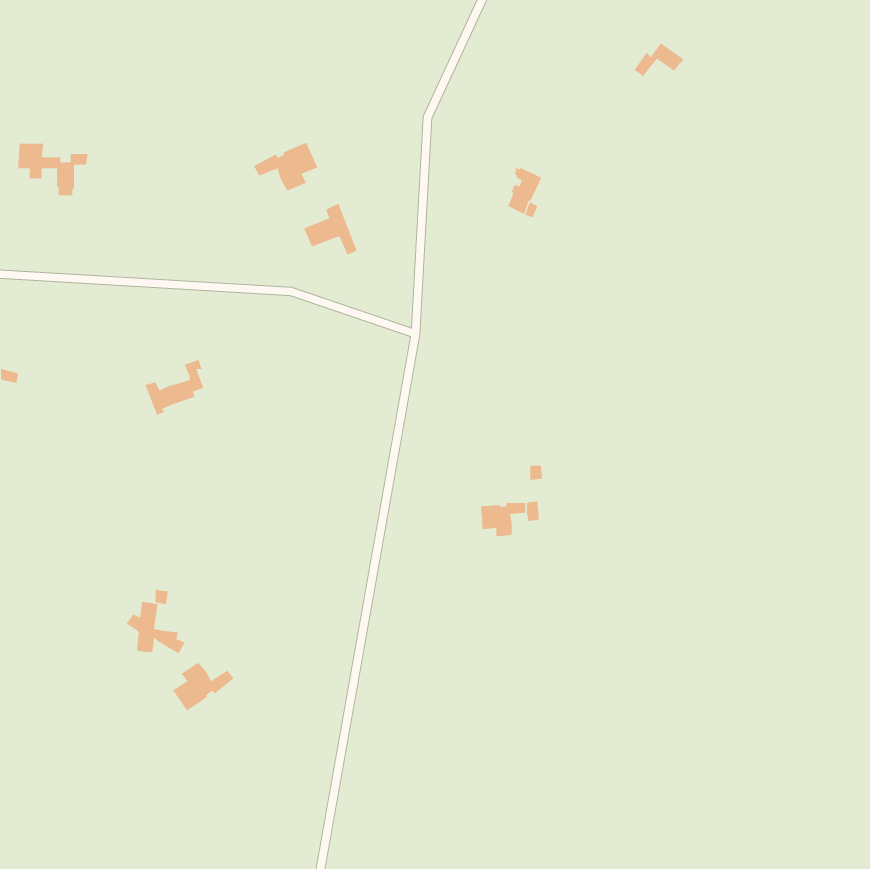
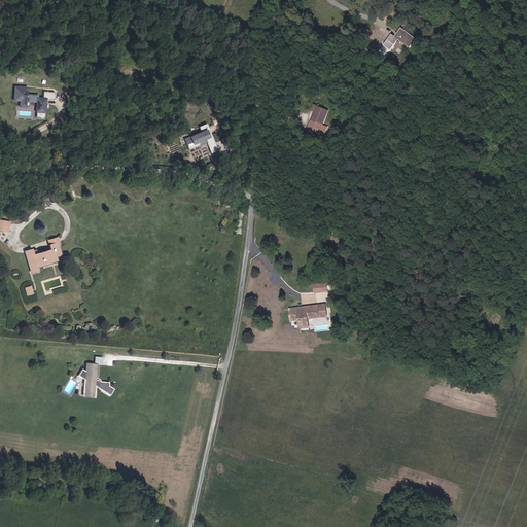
building: [253,142,318,192] -> none
building: [145,359,204,416] -> [28,241,64,275]
building: [172,662,234,711] -> none

